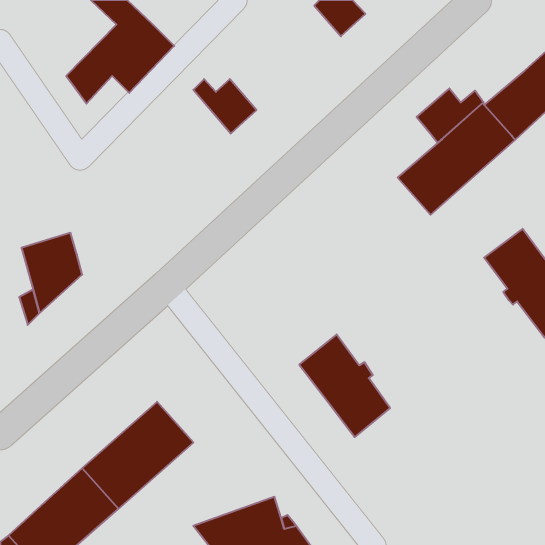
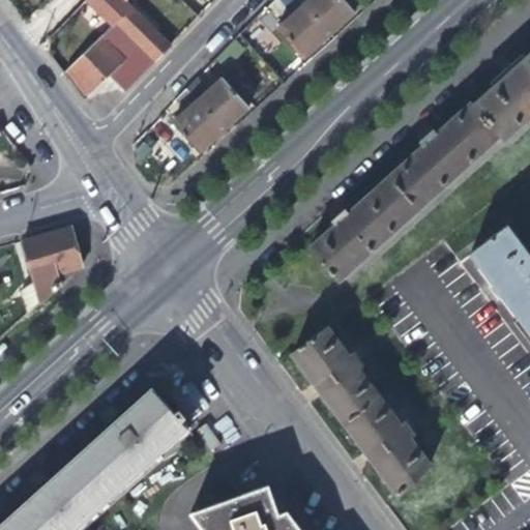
building: none -> [279,6,331,58]
building: [417,88,484,143] -> none
building: none -> [174,88,225,152]
building: none -> [305,173,418,281]
building: none -> [345,396,430,496]

